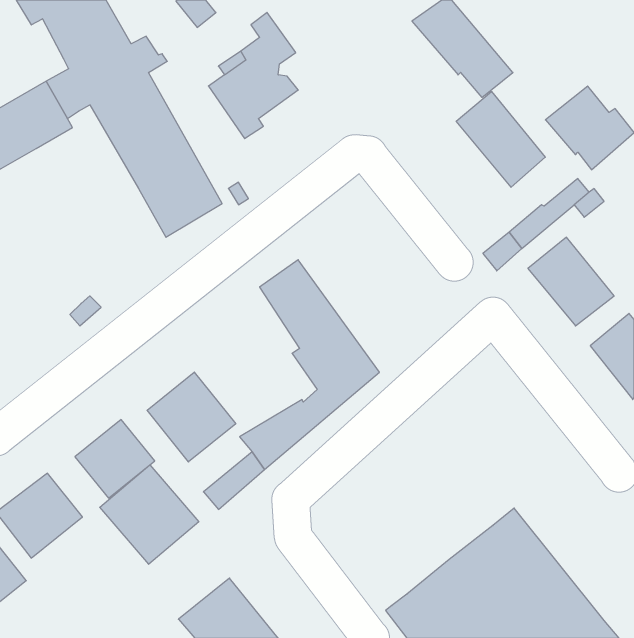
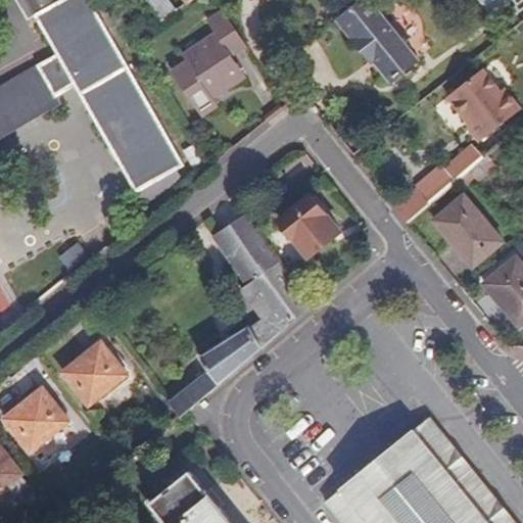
building: [456,92,545,187] -> none
building: none -> [279,194,339,254]
building: [147,372,236,462] -> none
building: [100,465,199,564] -> none

